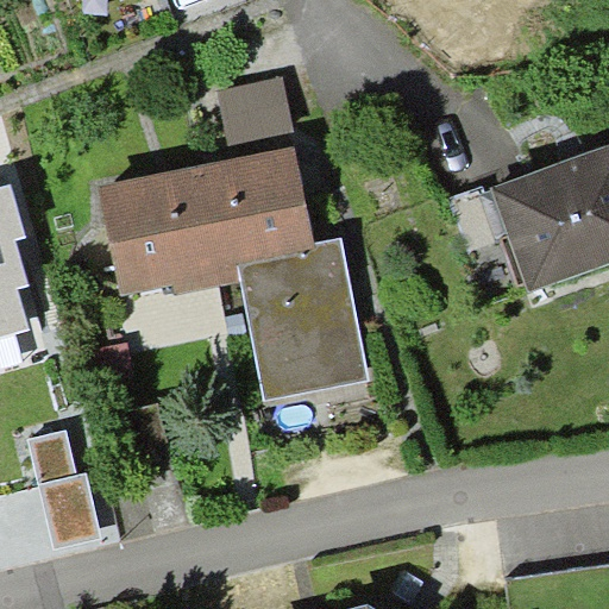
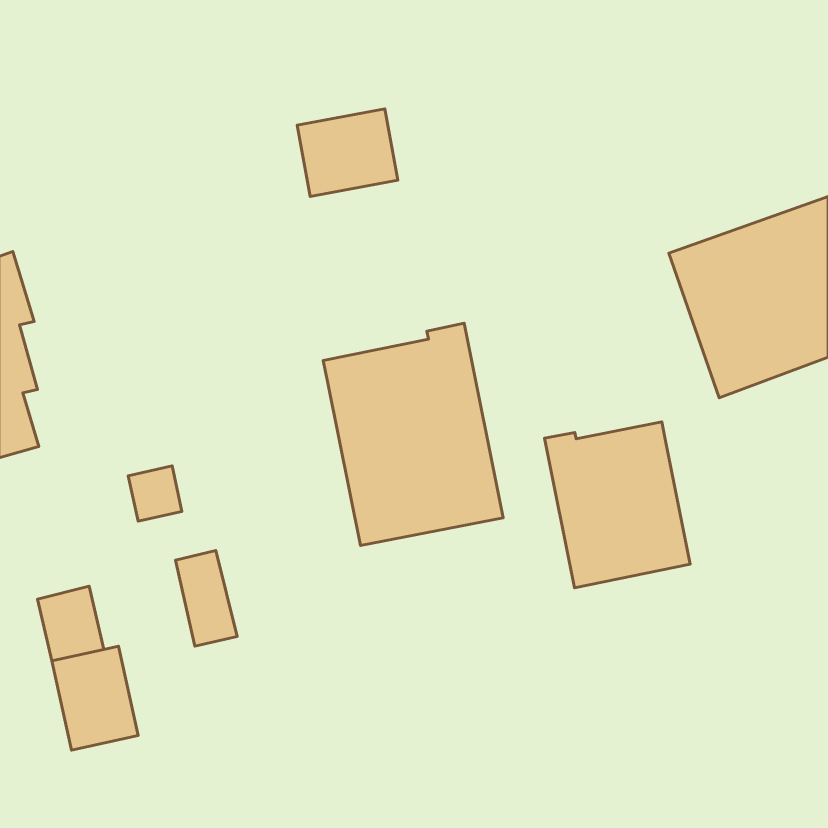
building: [99,146,314,295] -> none
building: none -> [544,422,690,588]

